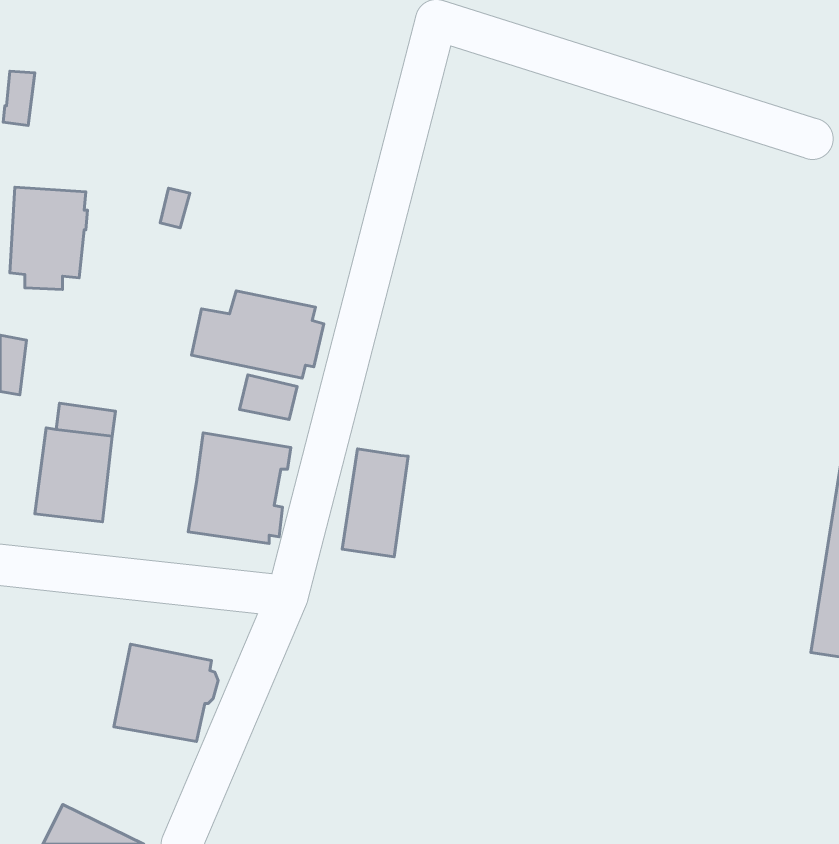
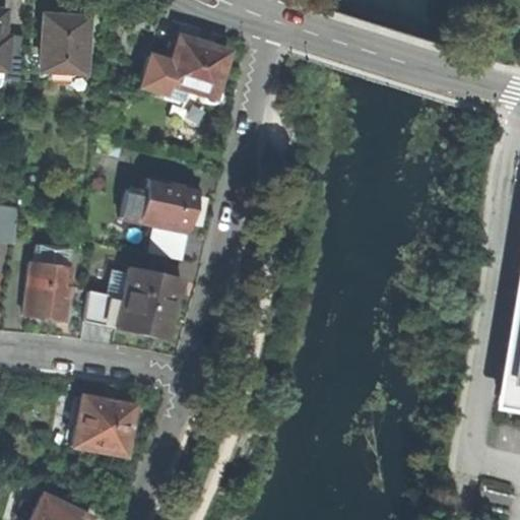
building: none -> [139,38,228,104]
building: [10,187,87,289] -> [43,9,90,72]
building: [342,449,408,557] -> none
building: none -> [84,291,124,327]

